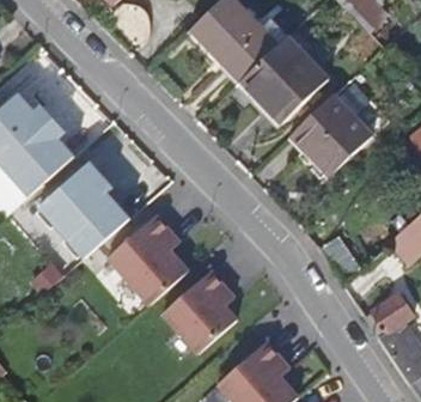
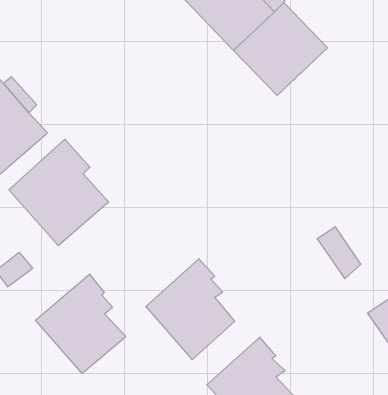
building: [292,95,372,175] -> none
building: [108,214,189,304] -> [35,274,126,374]

